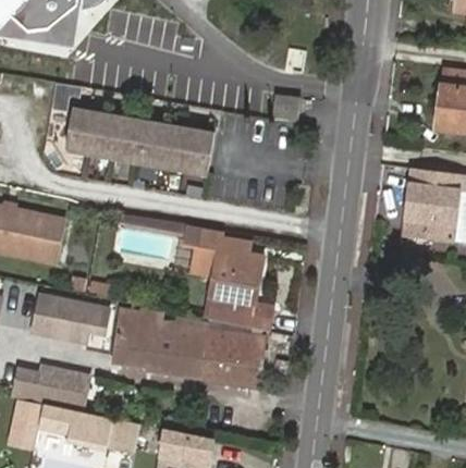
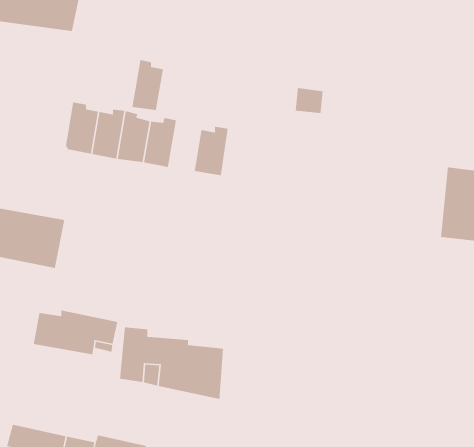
building: [158,125,187,172] -> [131,59,164,111]
building: [185,227,273,329] -> none
building: [205,332,265,384] -> none
building: [11,367,89,409] -> none

